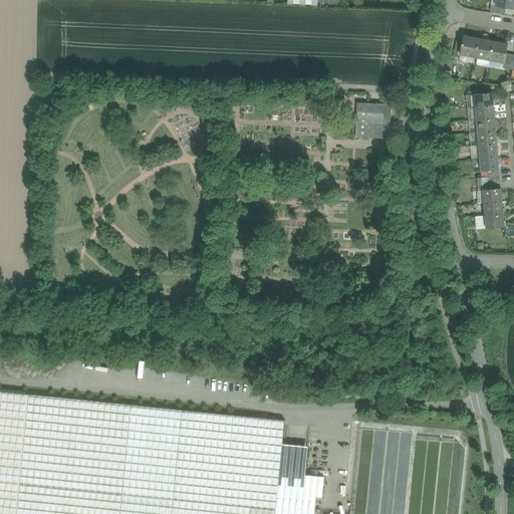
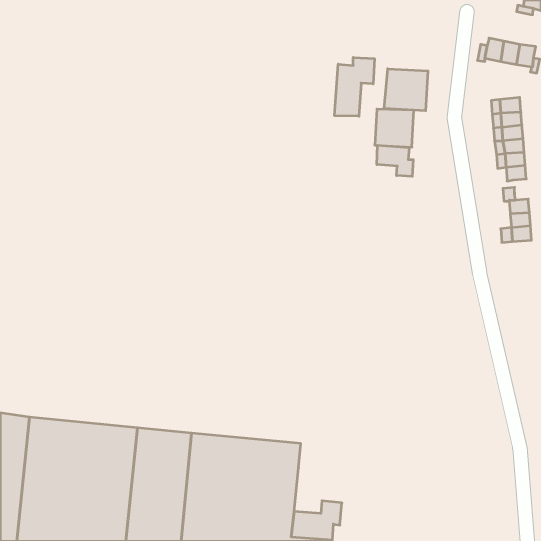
building: none -> [335,57,374,116]
building: none -> [384,69,428,111]
building: none -> [377,145,413,176]
building: [279,444,308,487] -> none

